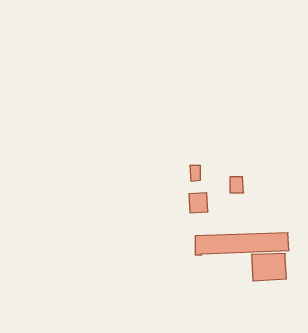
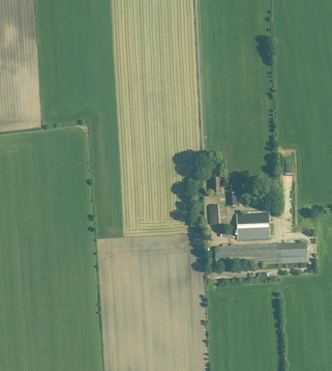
building: [252,254,286,281] -> [235,212,269,239]

